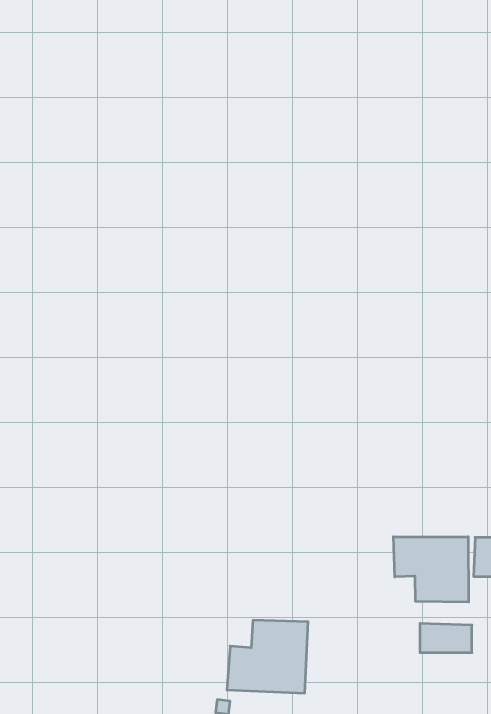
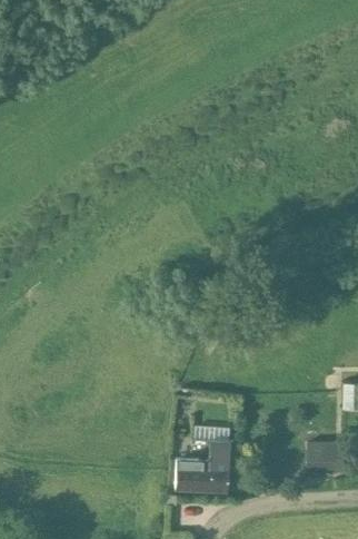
building: [393,537,469,602] -> none

